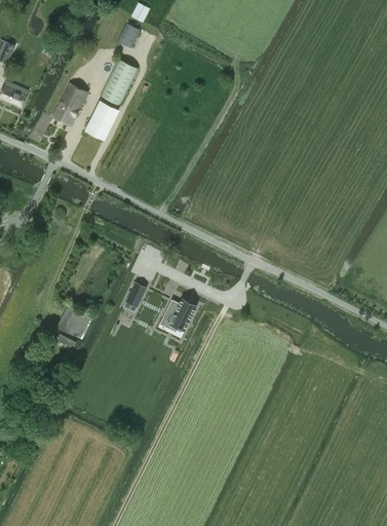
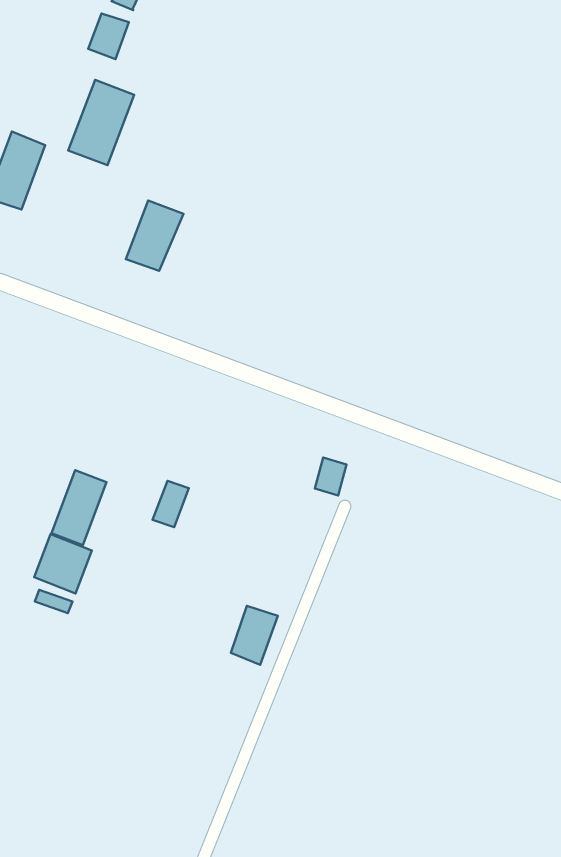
building: [84,101,118,140] -> [126,200,183,271]
building: none -> [51,470,107,545]
building: [169,297,197,330] -> [231,606,278,665]

